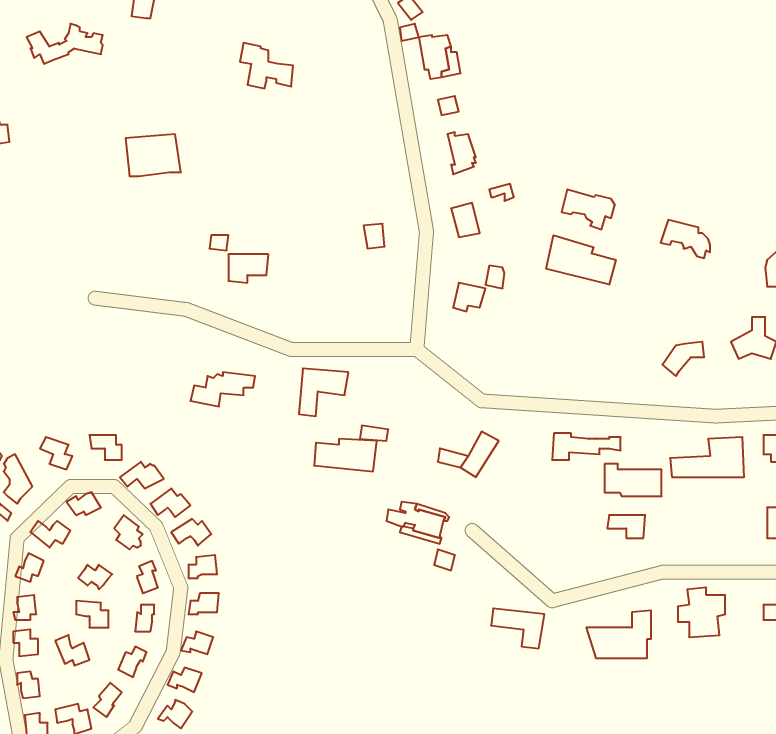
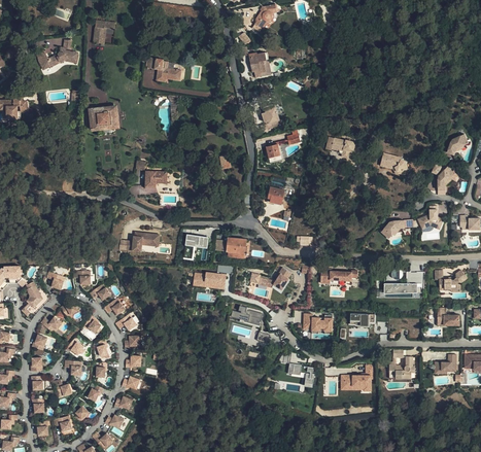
building: [546,235,616,285] -> none
building: none -> [215,237,247,259]
building: [605,464,662,496] -> [304,314,335,332]

